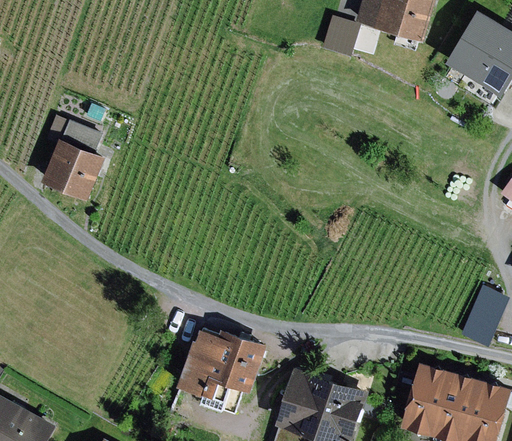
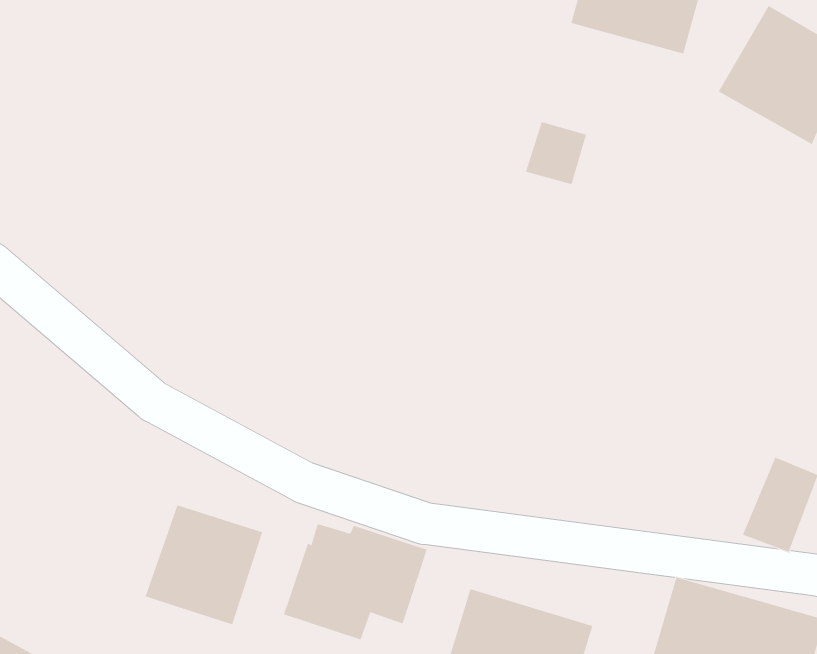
building: [321,17,359,56] -> [525,122,587,185]
building: [41,117,105,200] -> none
building: none -> [145,504,263,625]

